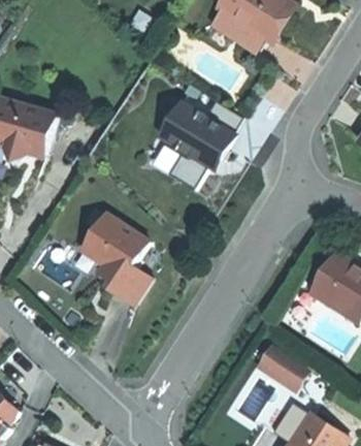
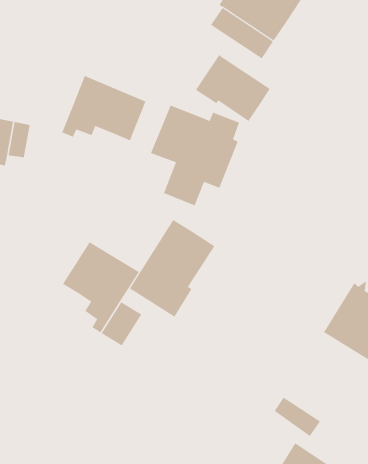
building: none -> [195,54,270,122]
building: none -> [61,75,146,141]
building: none -> [129,219,215,317]

